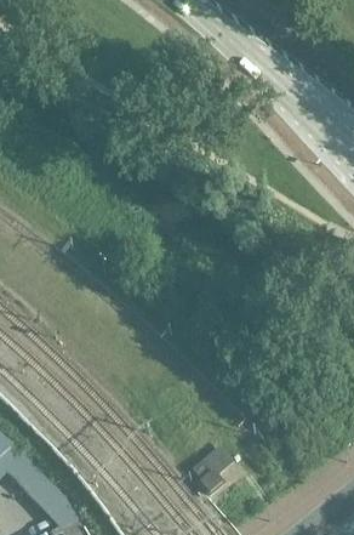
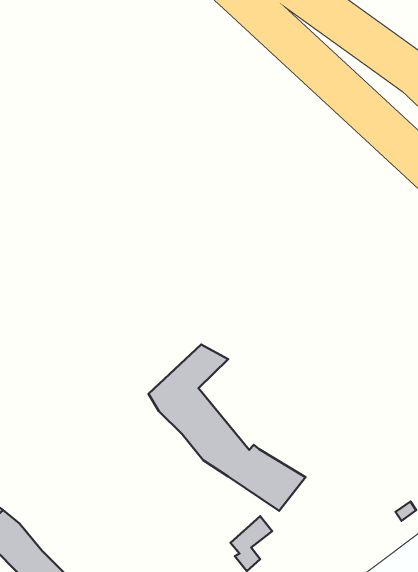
building: none -> [148,344,305,511]

